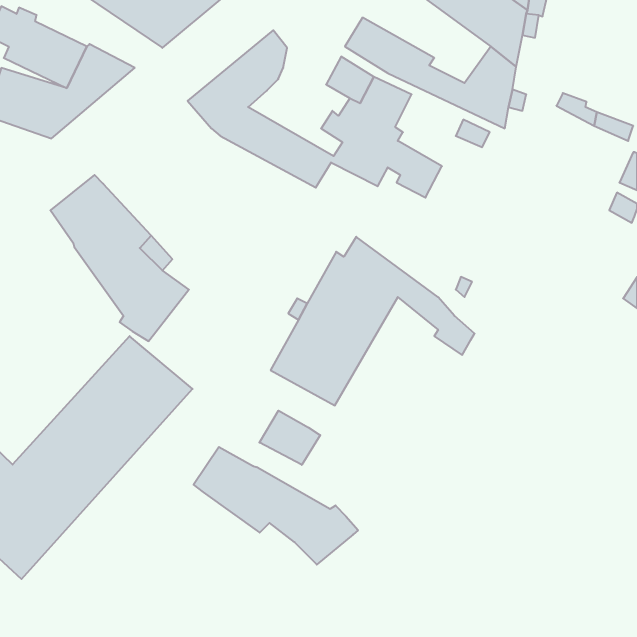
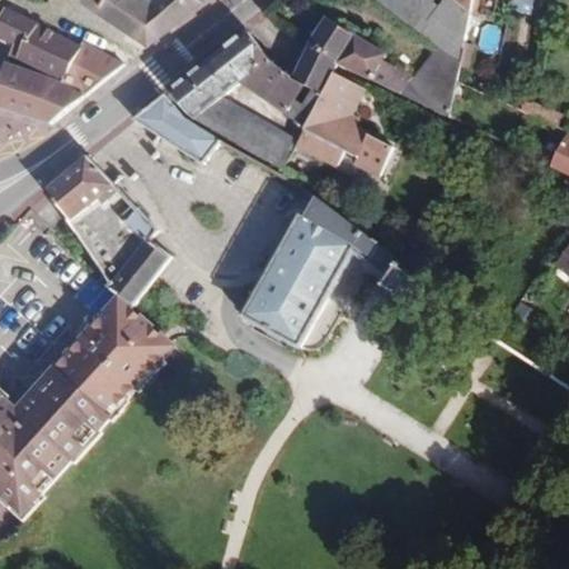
building: none -> [236,42,309,113]
building: none -> [131,92,217,161]
building: [259,411,320,465] -> none
building: [194,447,358,565] -> none

